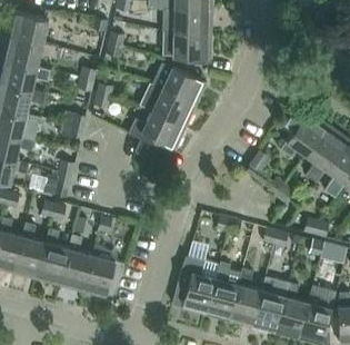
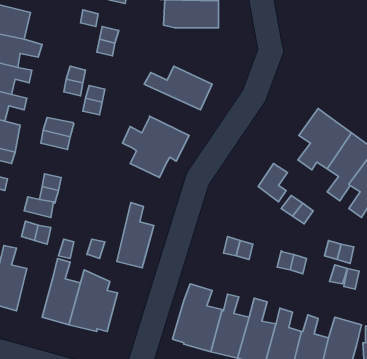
building: [164,31,212,65] -> none
building: [140,83,197,127] -> none
building: [37,228,69,285] -> [117,203,154,268]

